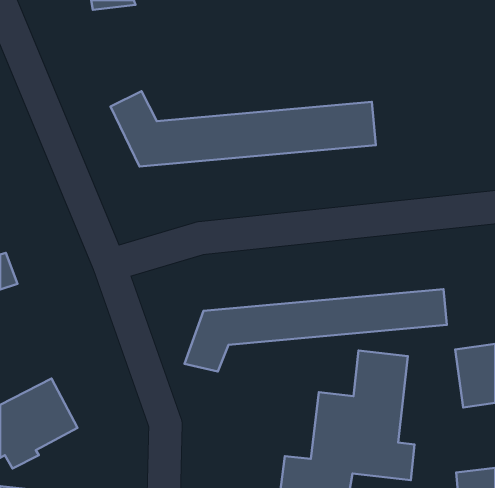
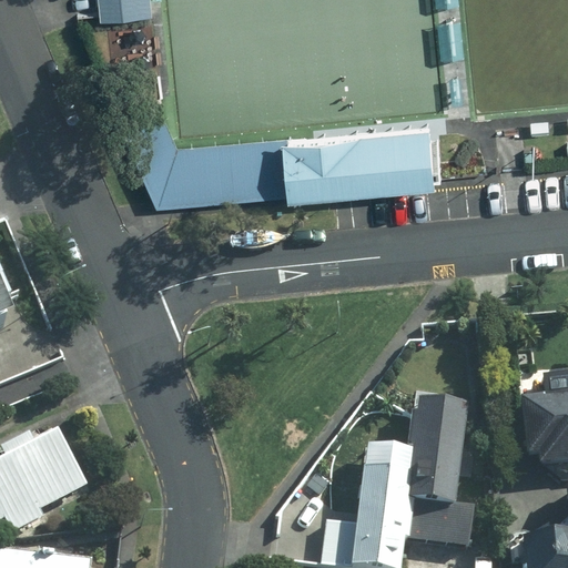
building: [184,289,447,371] -> none

